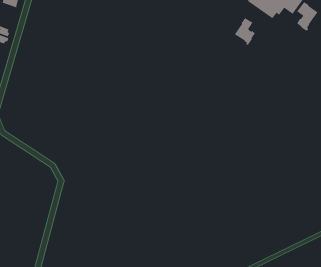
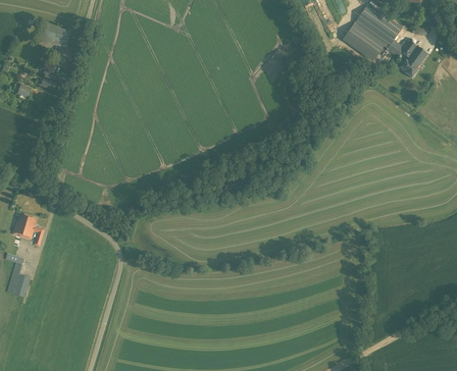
building: [234,17,256,46] -> none

